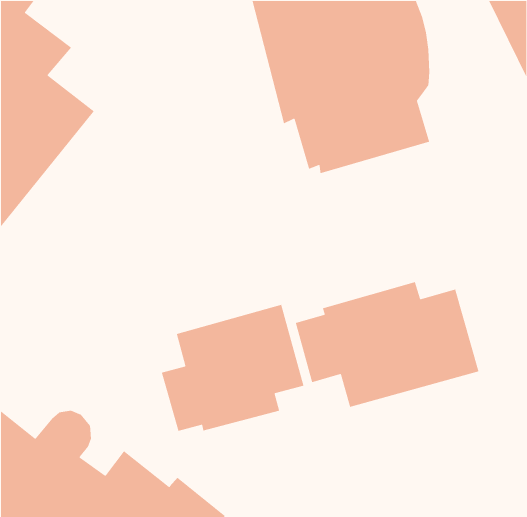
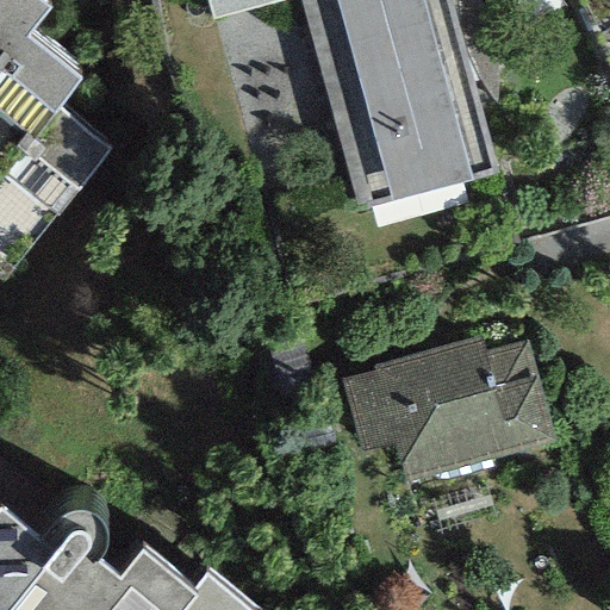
building: [161,304,304,432] -> none

